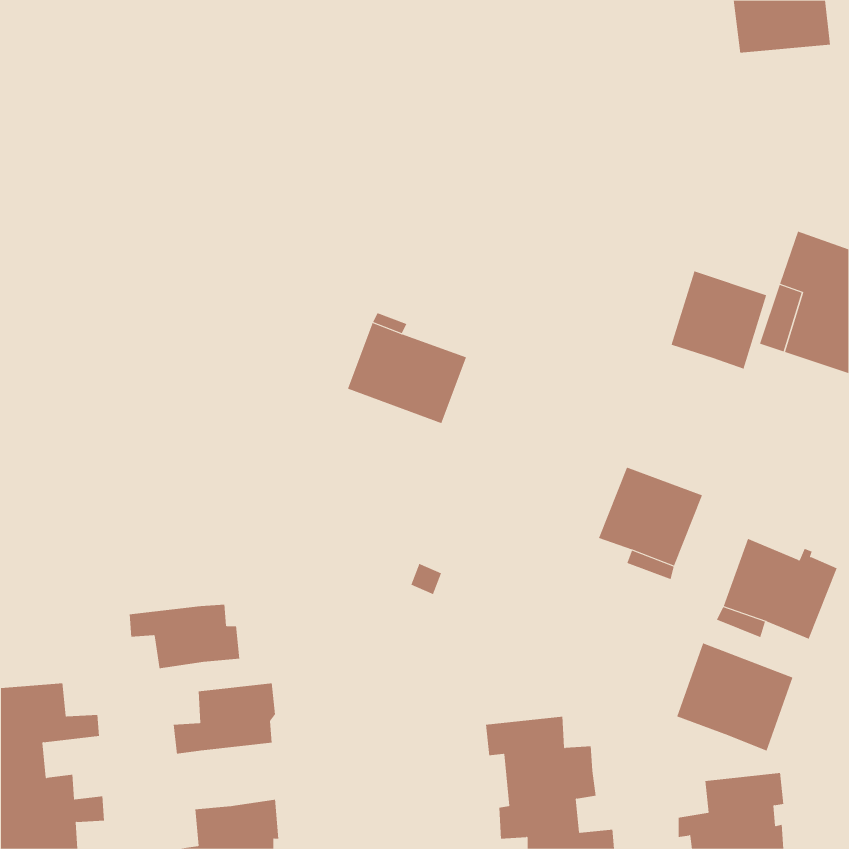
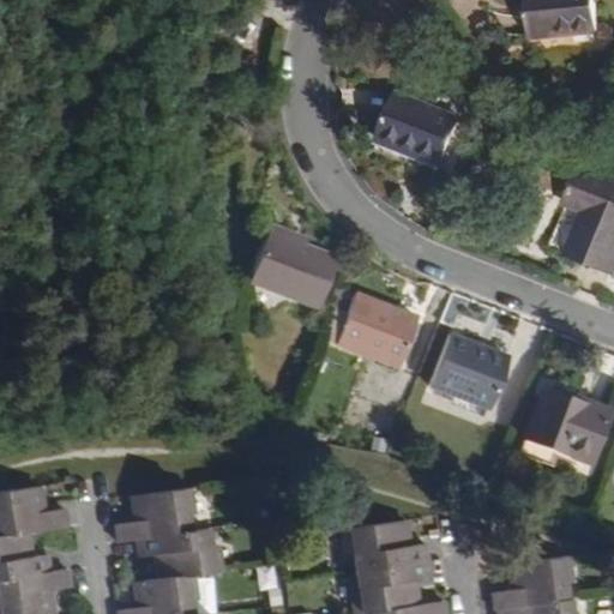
building: none -> [379,95,458,169]
building: [671,271,767,370] -> none
building: none -> [323,294,415,363]
building: [129,604,240,669] -> [145,535,225,582]
building: [676,642,793,752] -> none

